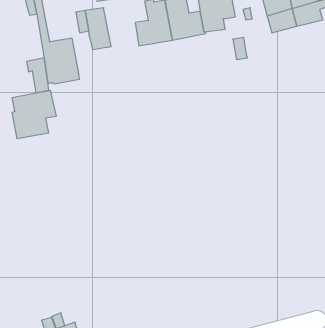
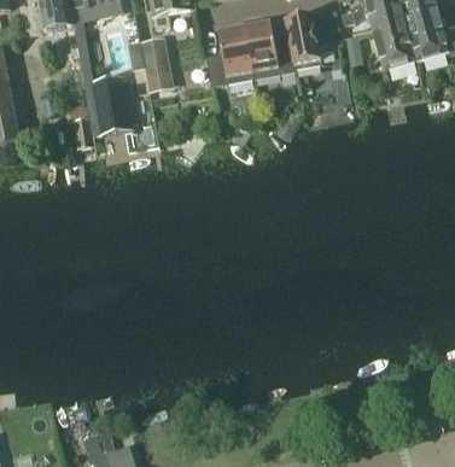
building: [12,90,56,139] -> none

